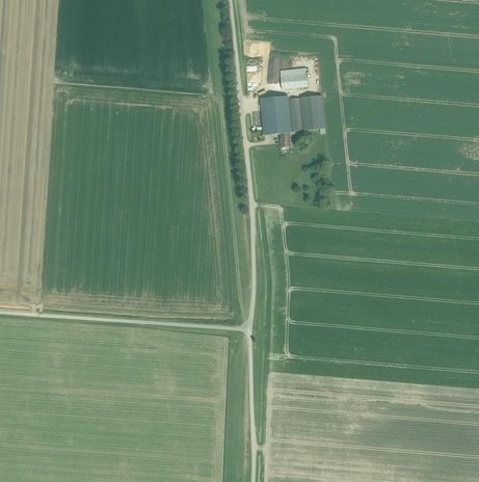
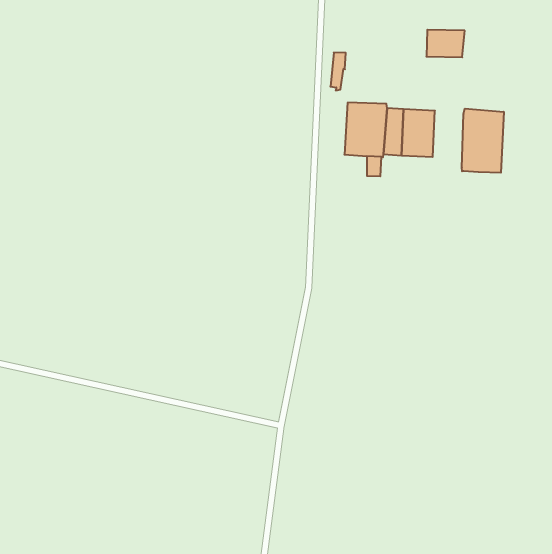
building: [281,66,308,88] -> [426,30,465,57]
building: none -> [462,109,504,173]

